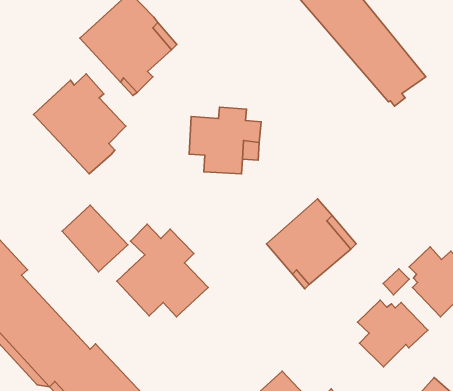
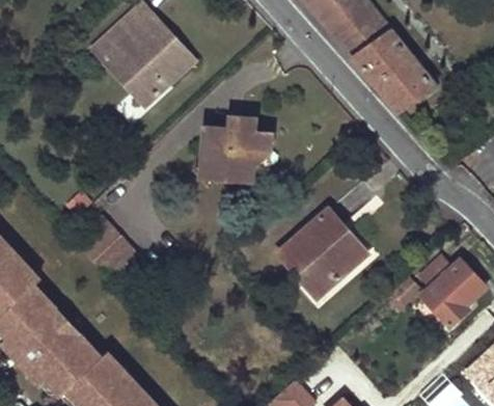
building: [34,74,126,174] -> none
building: [117,224,208,317] -> none
building: [358,300,428,367] -> none

